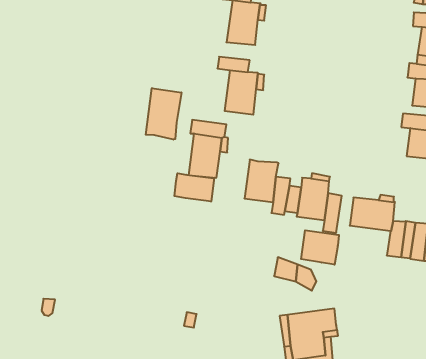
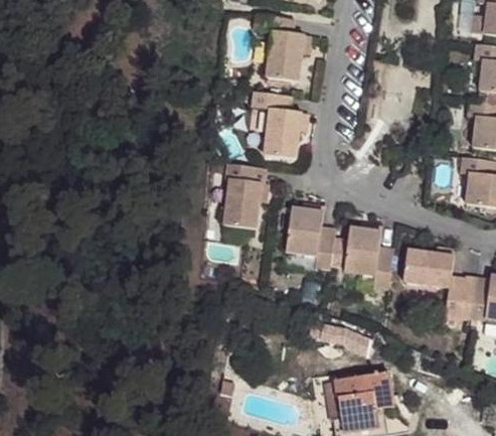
building: [146,88,181,140] -> none
building: [174,173,214,202] -> none
building: [301,230,339,265] -> none

